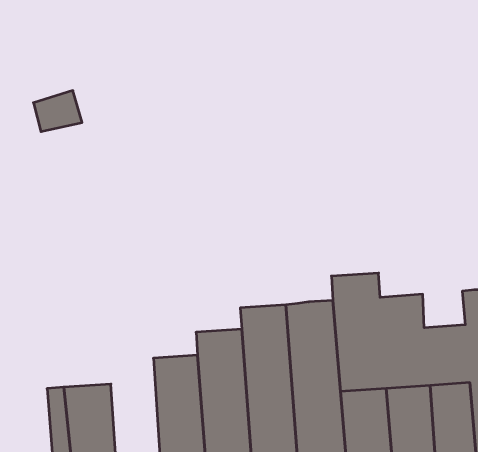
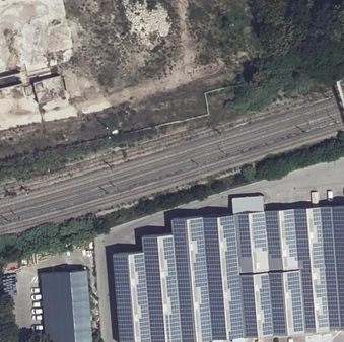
building: none -> [294,208,323,232]

